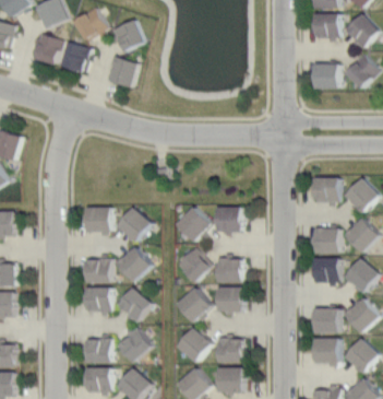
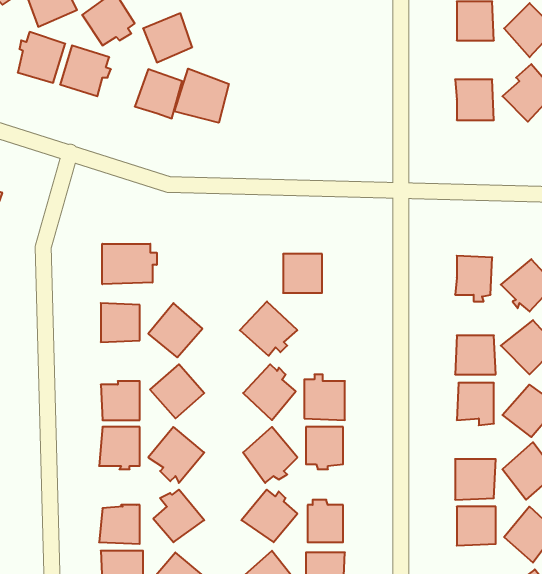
building: none -> [175,69,229,123]
building: none -> [102,244,157,284]
building: [216,207,241,232] -> [283,254,322,293]

